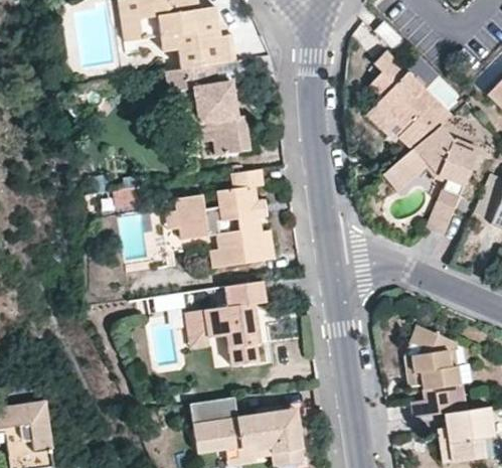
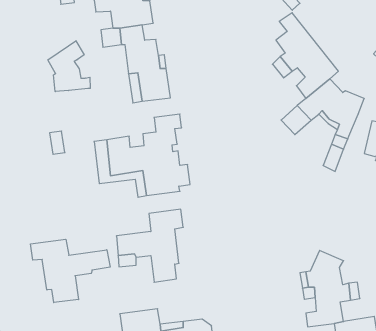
building: none -> [48,41,90,92]
building: none -> [31,239,110,303]

